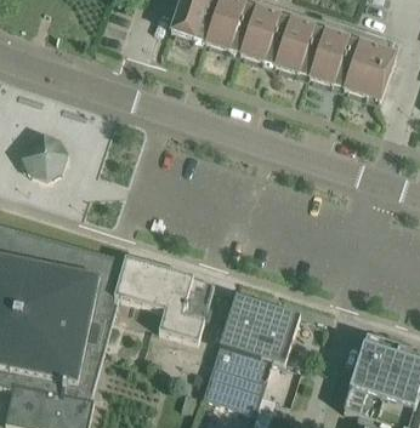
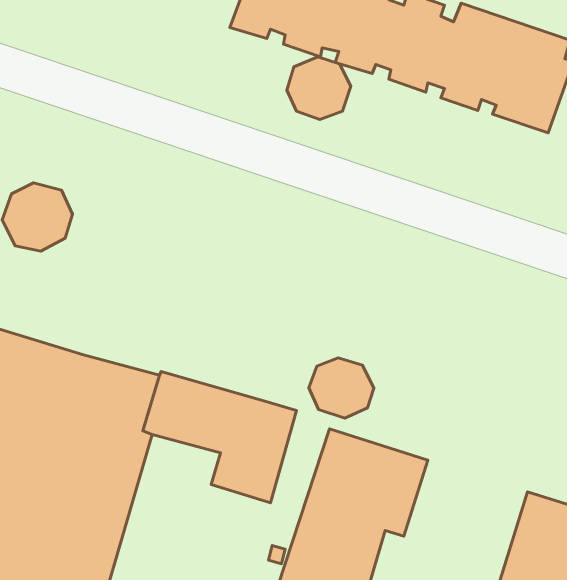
building: none -> [287,57,351,120]
building: none -> [309,358,374,418]

